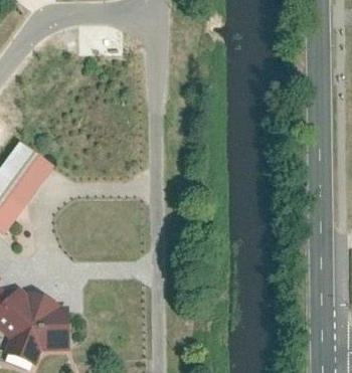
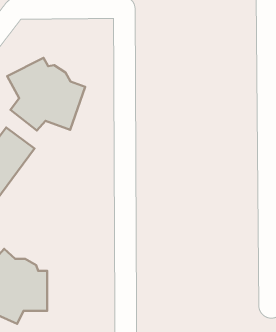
building: none -> [7,58,85,131]

